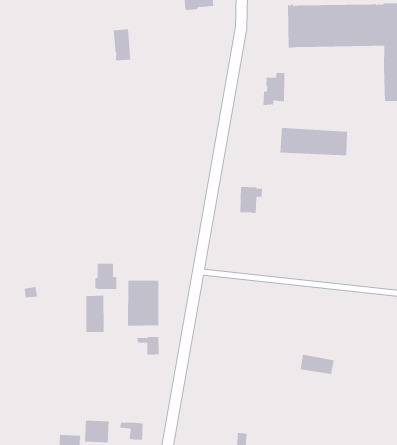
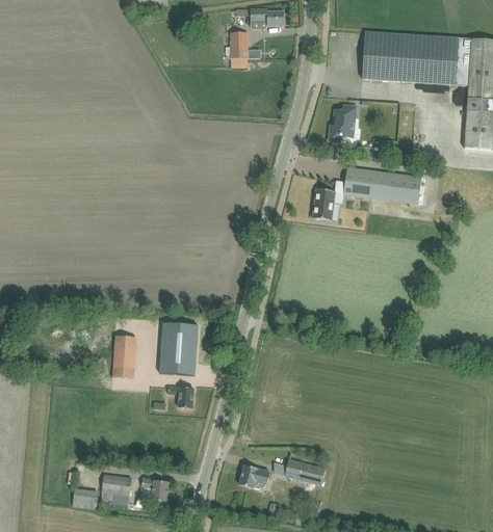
building: [113,29,131,61] -> [230,32,248,66]
building: [240,187,263,213] -> [313,189,341,220]
building: [95,263,117,290] -> none
building: [300,354,335,374] -> [285,459,325,484]
building: none -> [239,464,269,488]

